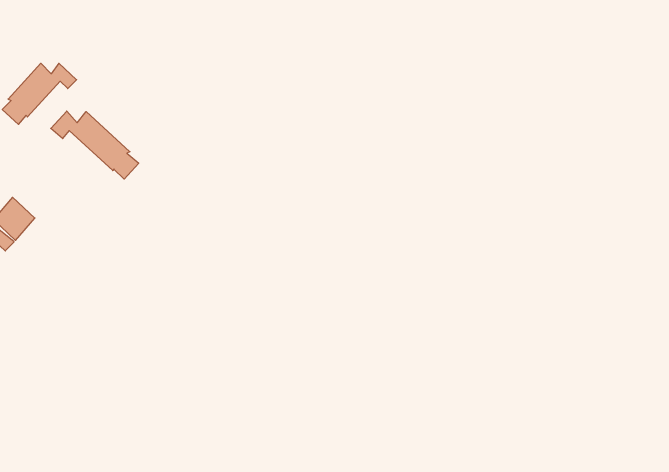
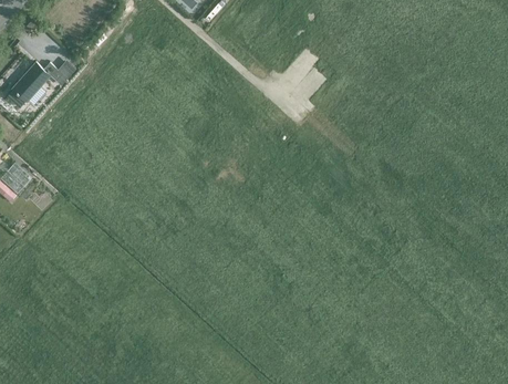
building: [51,111,139,179] -> none

